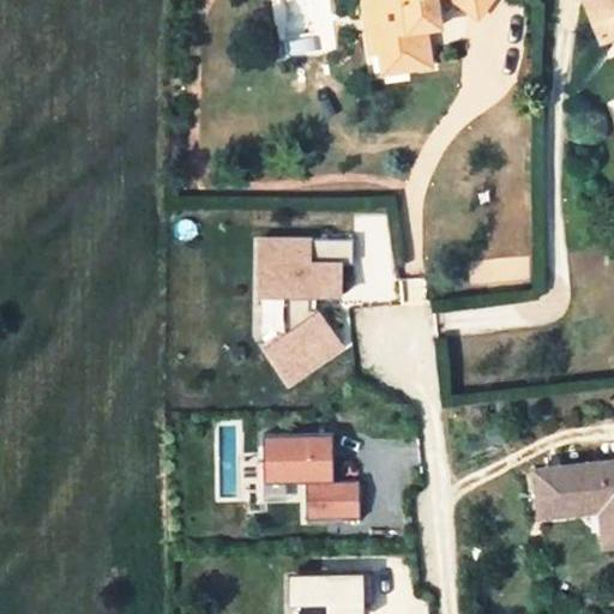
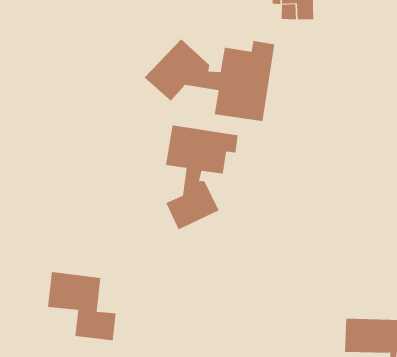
building: none -> [144,39,275,122]
building: [261,434,360,519] -> [47,272,116,341]

